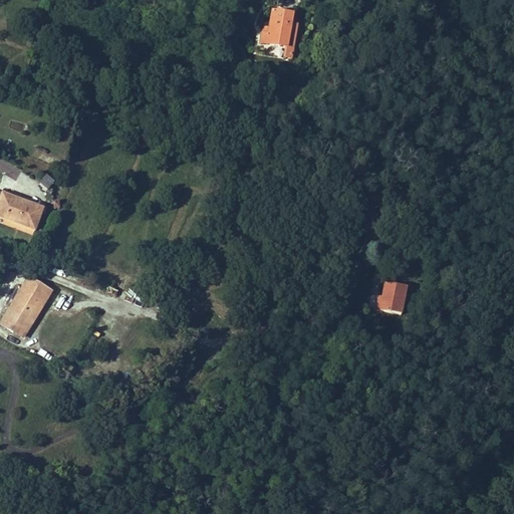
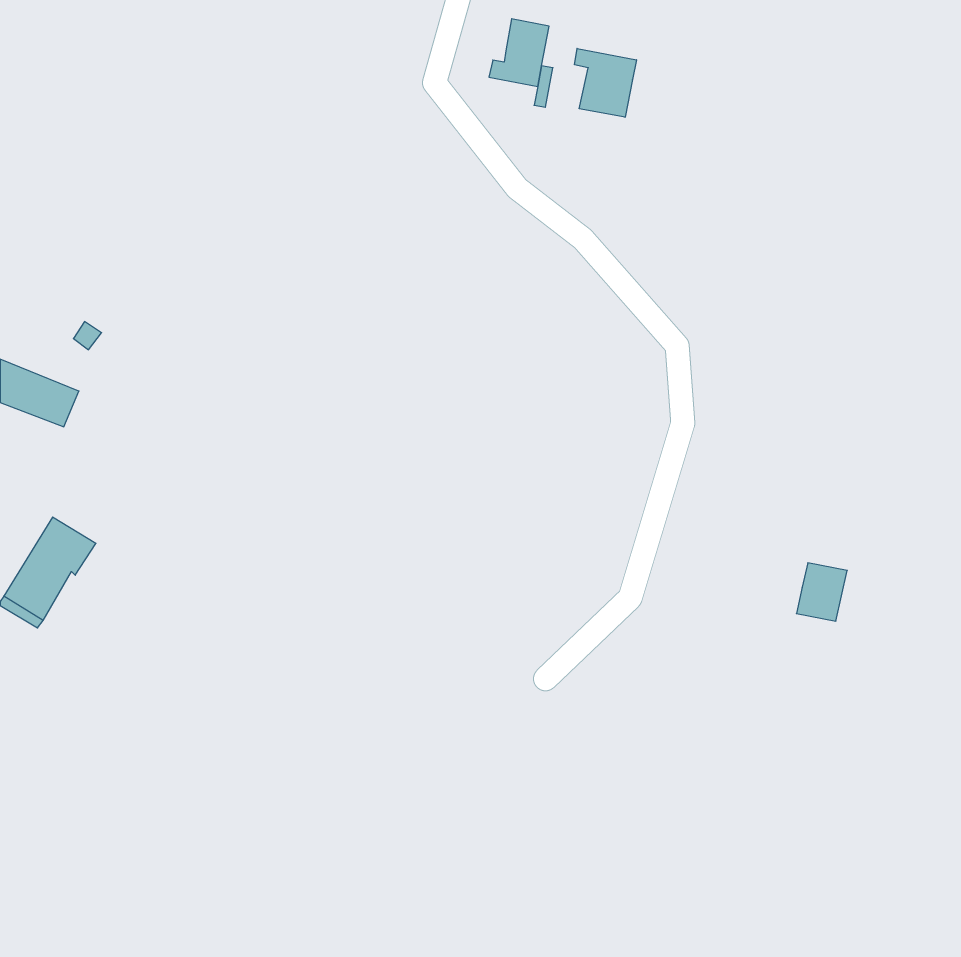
building: none -> [575,48,636,117]
building: [379,282,407,313] -> [796,563,847,621]

